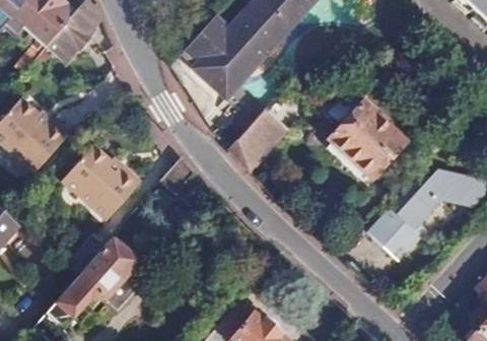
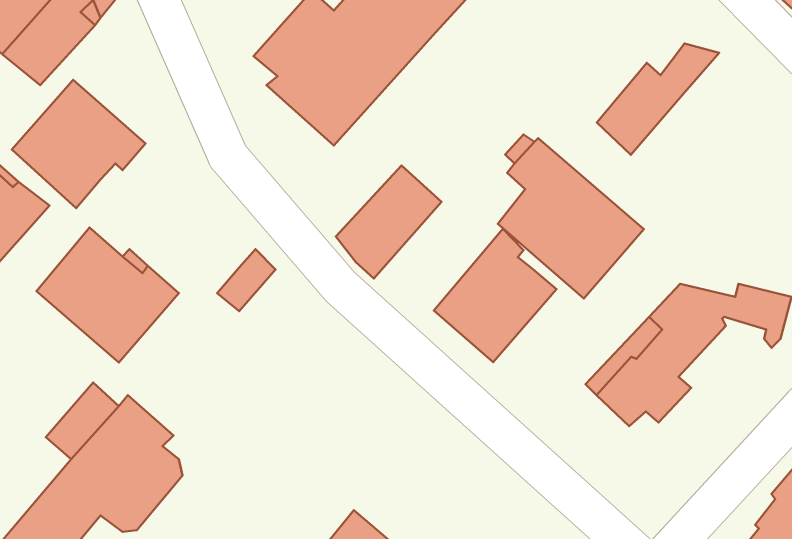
building: none -> [597,44,719,155]
building: none -> [12,80,145,208]
building: none -> [434,229,557,362]

